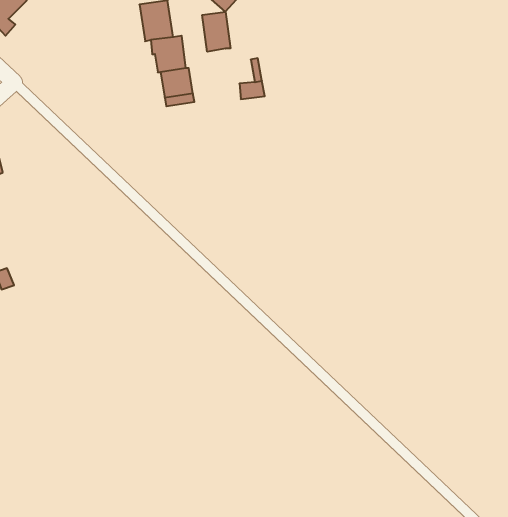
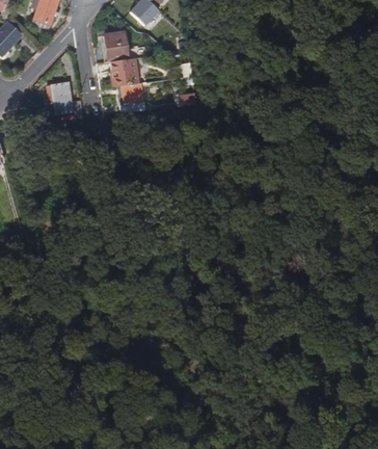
building: [202,12,230,52] -> none
building: none -> [52,82,72,112]

